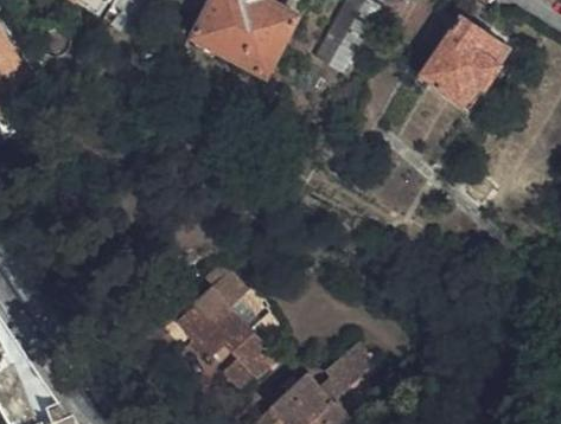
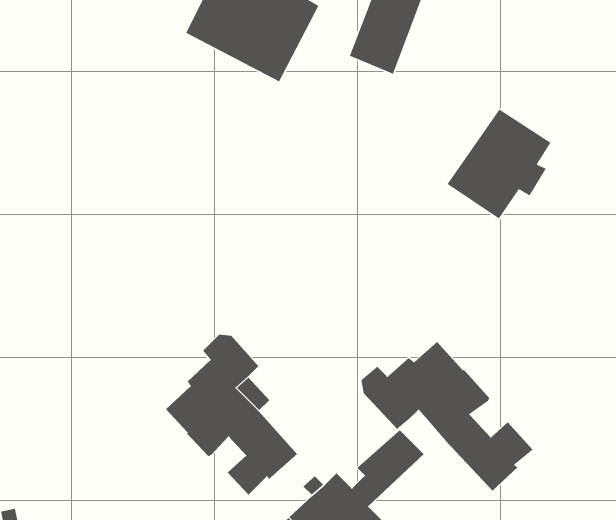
building: [419,17,499,102] -> [447,109,552,220]
building: none -> [360,341,533,492]

